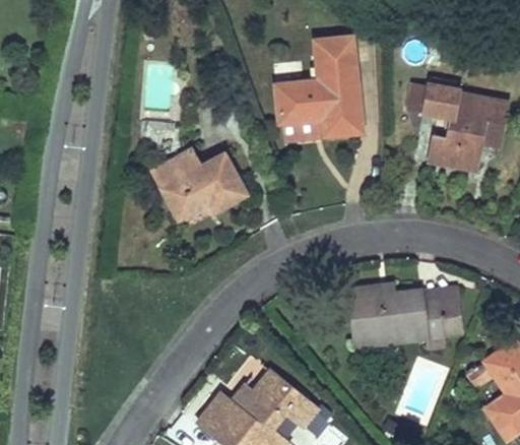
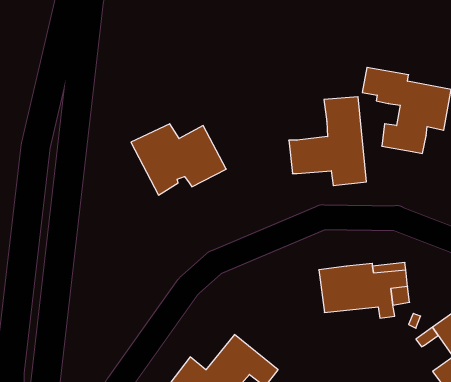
building: [274,39,360,136] -> [289,97,366,186]
building: [348,288,391,348] -> none

